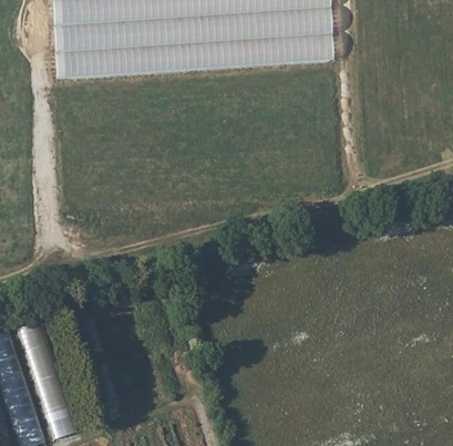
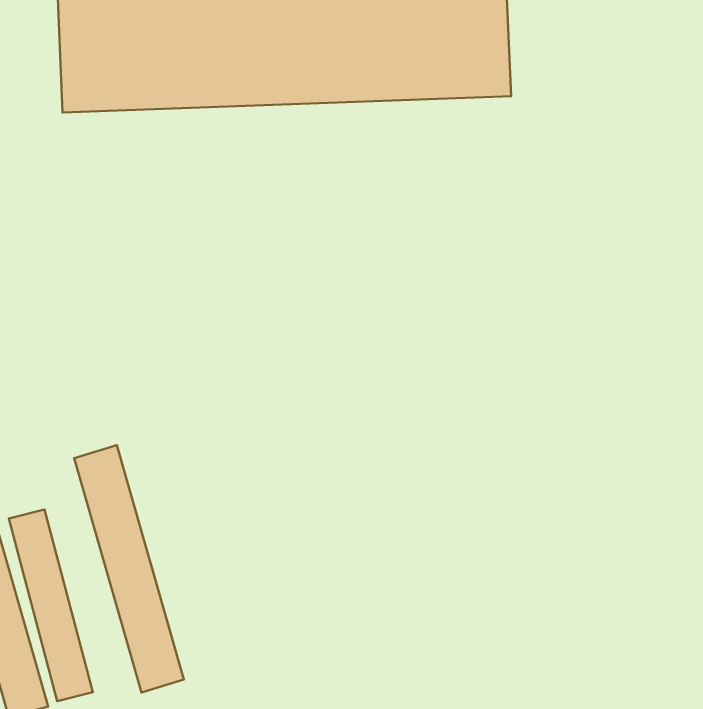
building: none -> [74,445,184,693]

